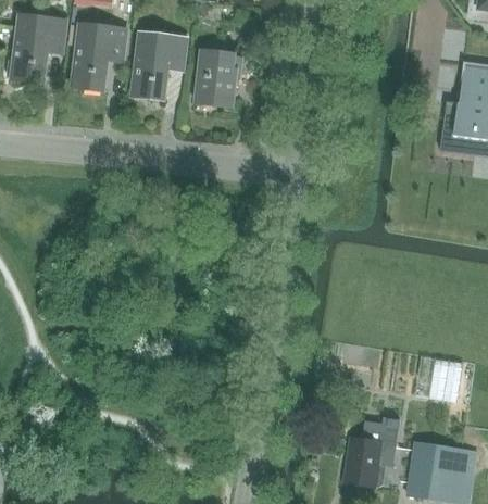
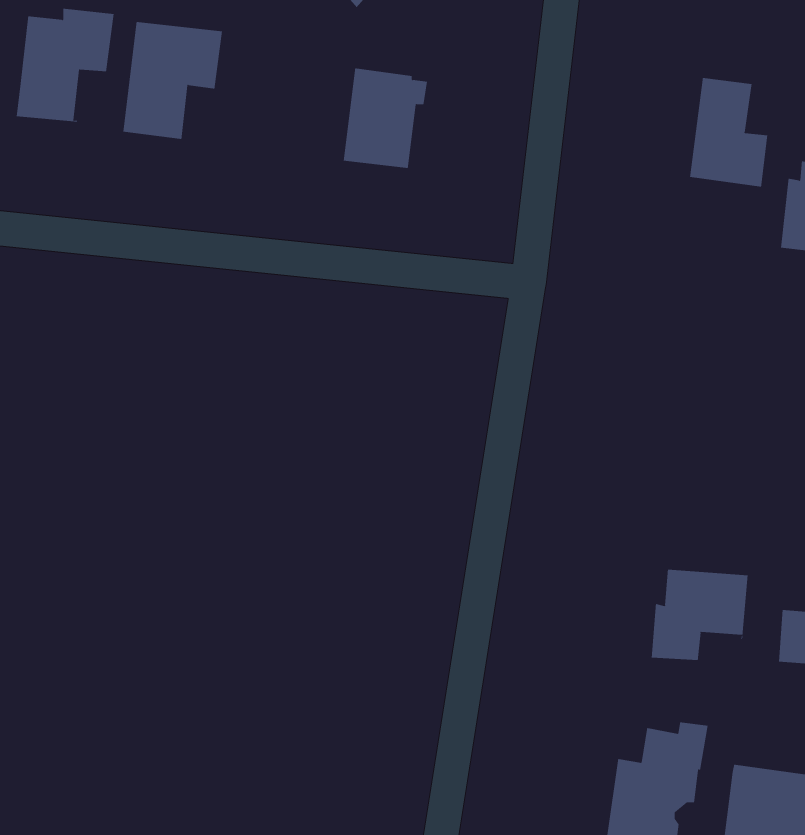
building: [130,32,187,98] -> none
building: none -> [689,77,768,188]
building: none -> [651,569,748,661]

